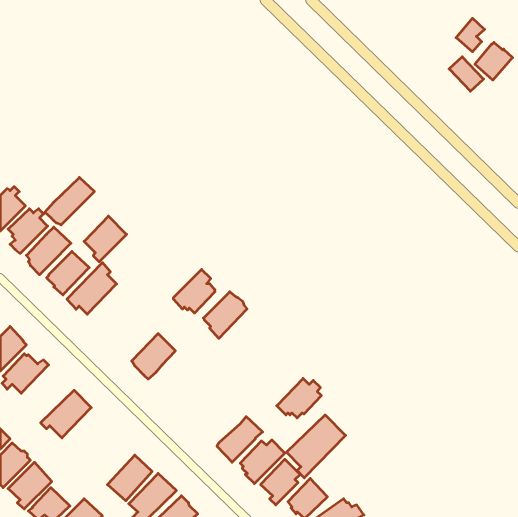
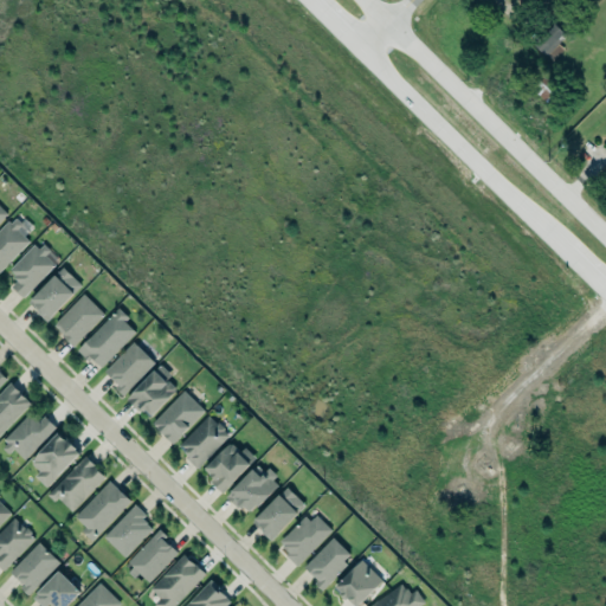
building: [475,42,513,80] -> none
building: [45,177,94,225] -> none
building: [84,216,127,262] -> [105,342,155,395]
building: [173,269,215,313] -> [128,365,176,415]
building: [203,292,247,338] -> [179,415,230,470]
building: none -> [32,433,80,488]
building: [277,378,321,418] -> [227,465,279,511]
building: none -> [205,444,257,494]
building: none -> [76,482,130,541]
building: [286,415,346,478] -> none
building: none -> [104,504,153,557]

